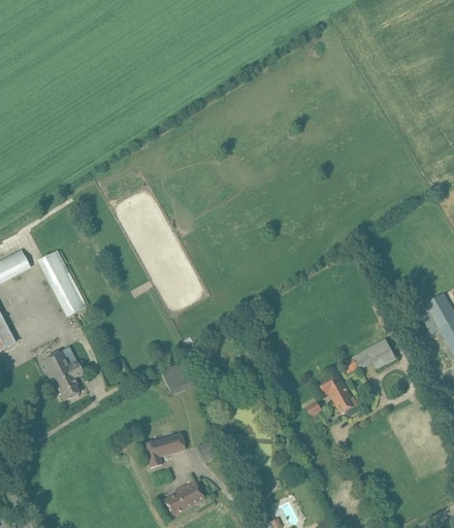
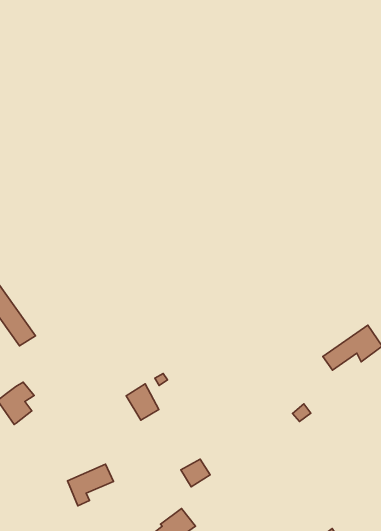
building: [56,359,84,399] -> none
building: [319,372,358,412] -> none
building: [143,431,185,465] -> [67,464,113,506]

